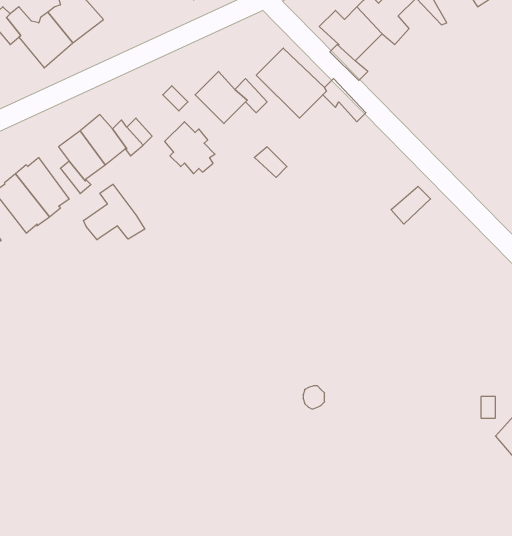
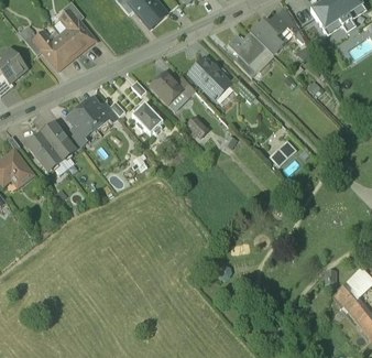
building: [83,184,145,240] -> none

